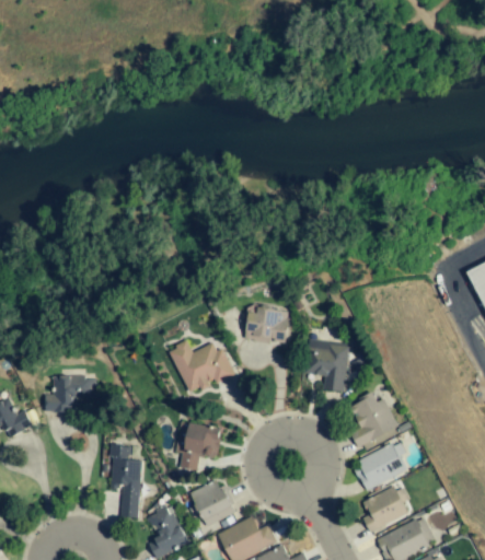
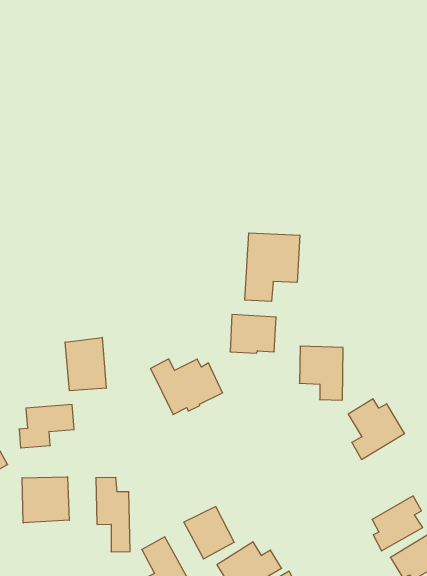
building: none -> [245,233,300,301]
building: none -> [65,337,106,391]
building: [176,422,222,470] -> none
building: [357,440,408,491] -> none
building: none -> [22,477,69,523]

